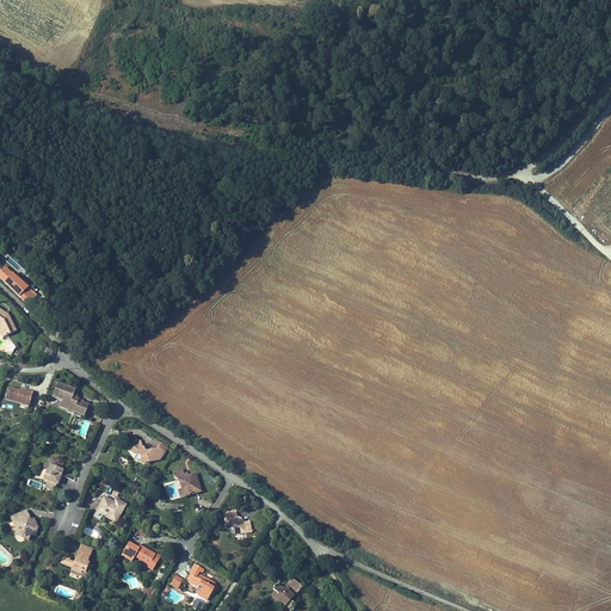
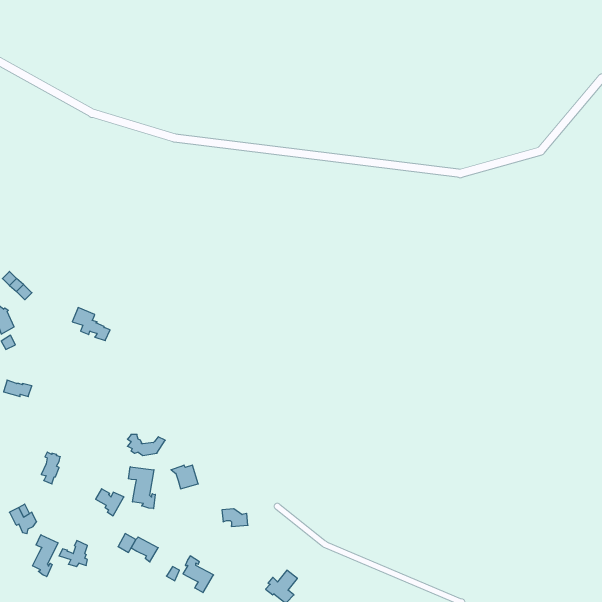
building: [50,381,88,414] -> [72,308,110,341]
building: none -> [128,467,155,509]
building: none -> [33,535,58,577]

